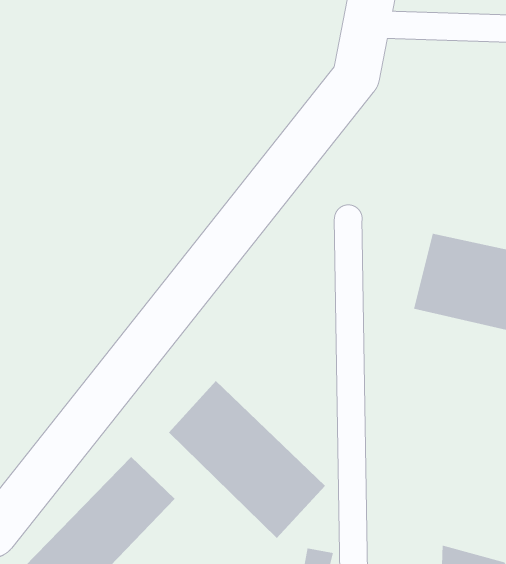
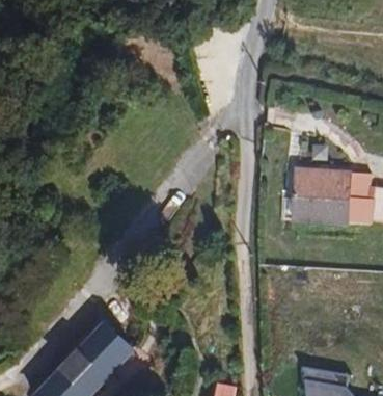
building: [168,380,326,539] -> none

